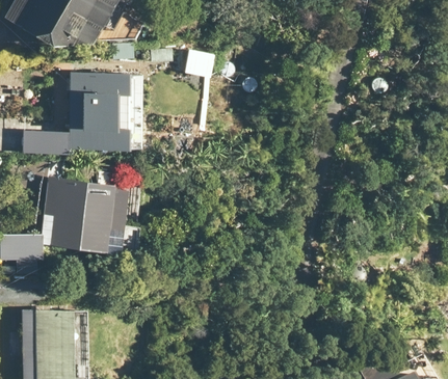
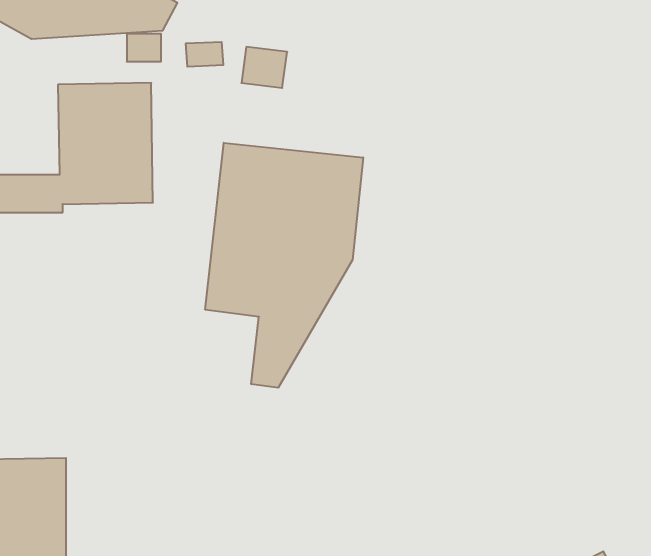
building: none -> [205,143,363,388]
building: [42,178,127,253] -> none

